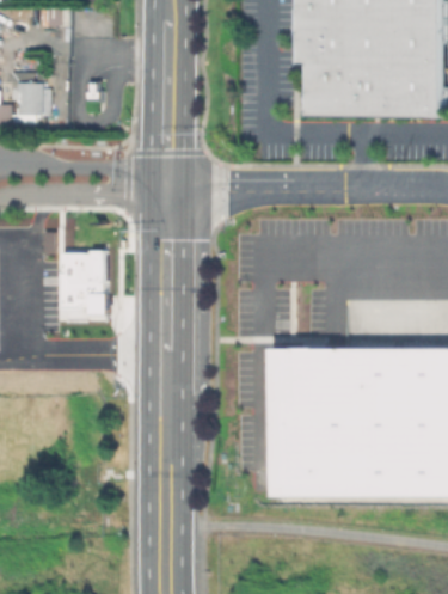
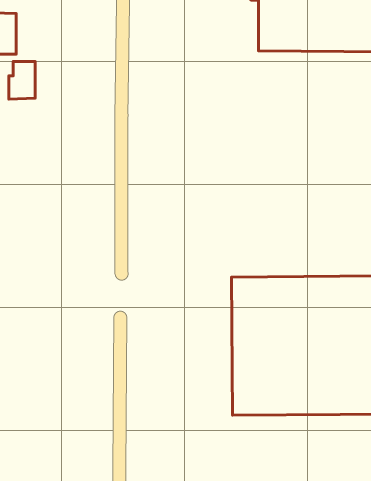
building: none -> [9,62,35,99]
building: [62,247,110,314] -> none

